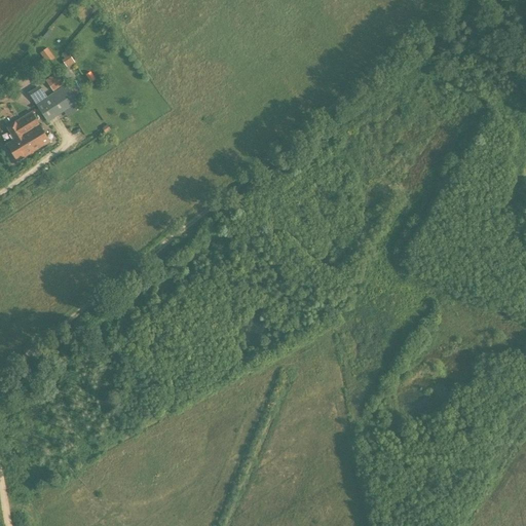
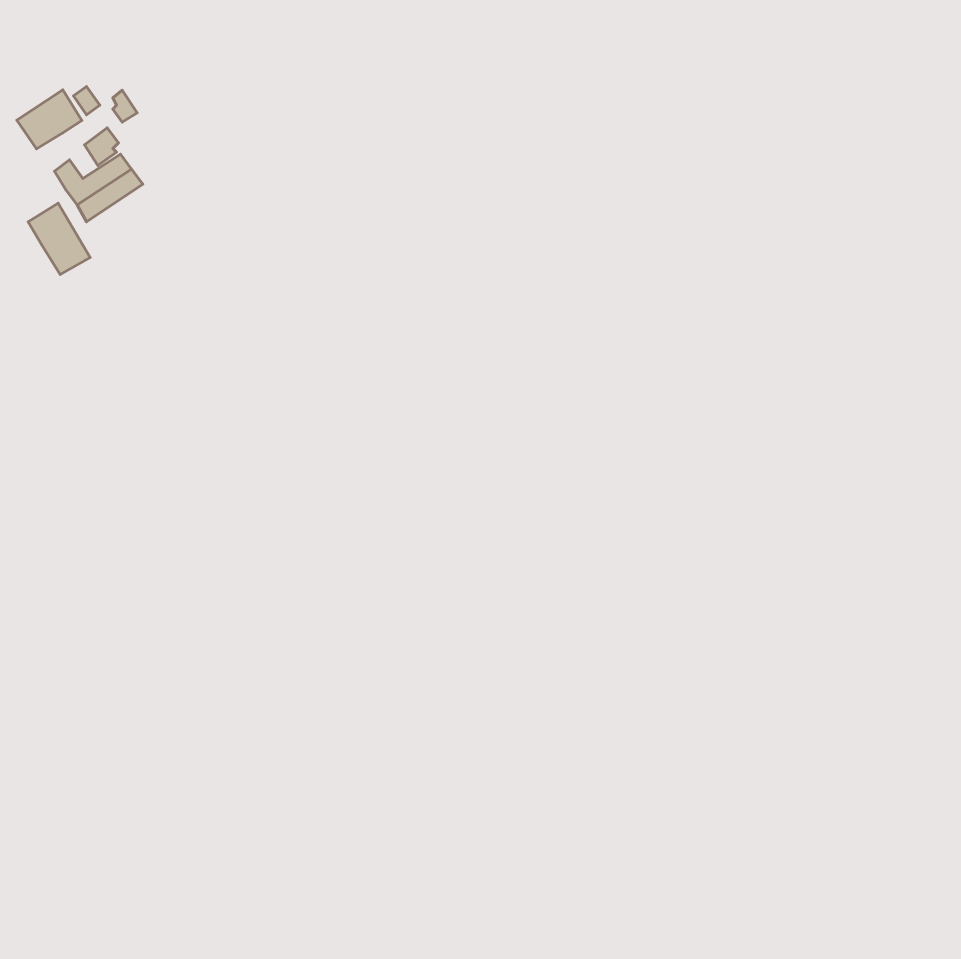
building: none -> [17,90,82,149]
building: [7,121,33,160] -> none

